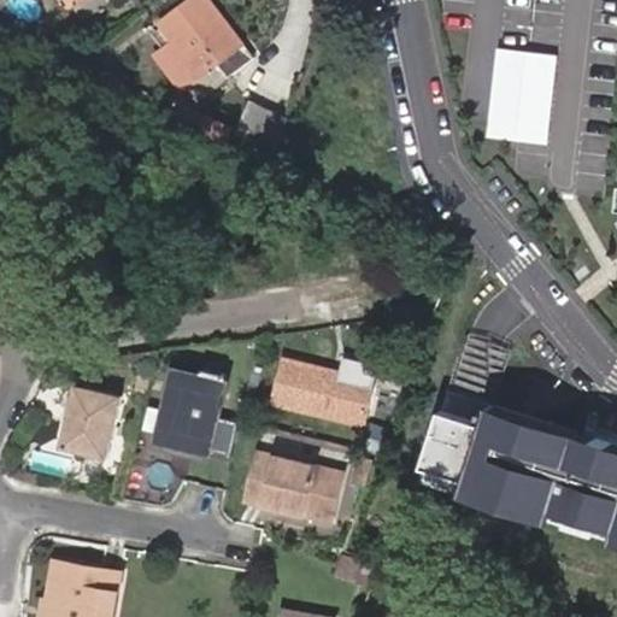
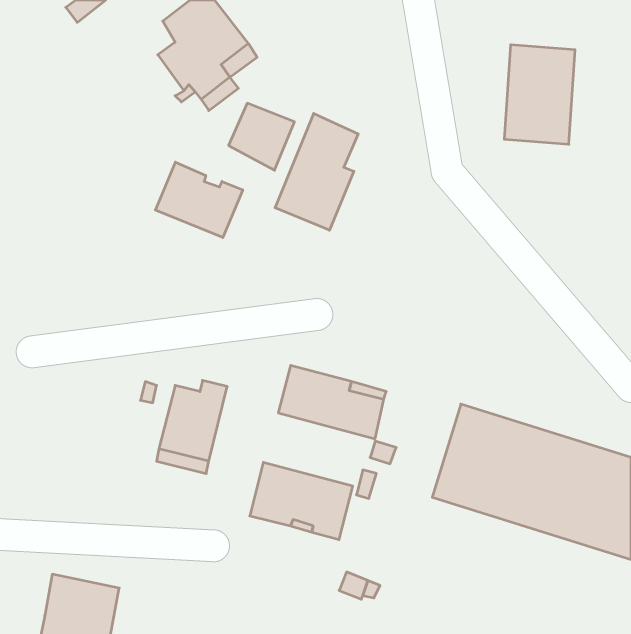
building: none -> [275,113,358,230]
building: none -> [155,162,243,238]
building: [58,380,123,457] -> none

